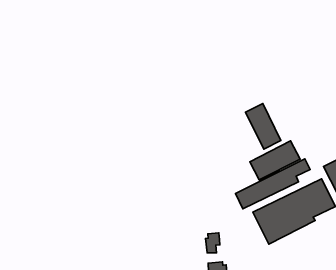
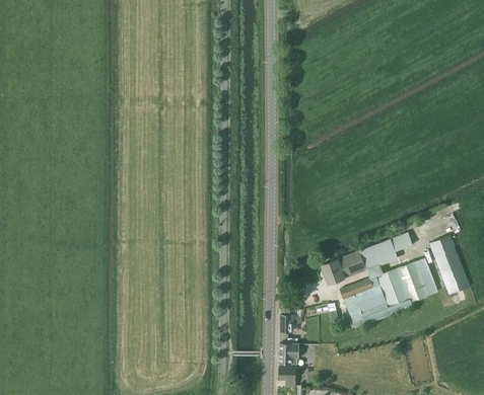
building: [246,104,281,149] -> none
building: [250,141,300,180] -> none

